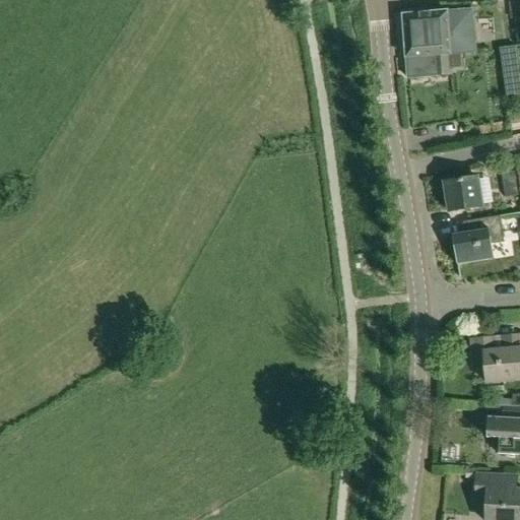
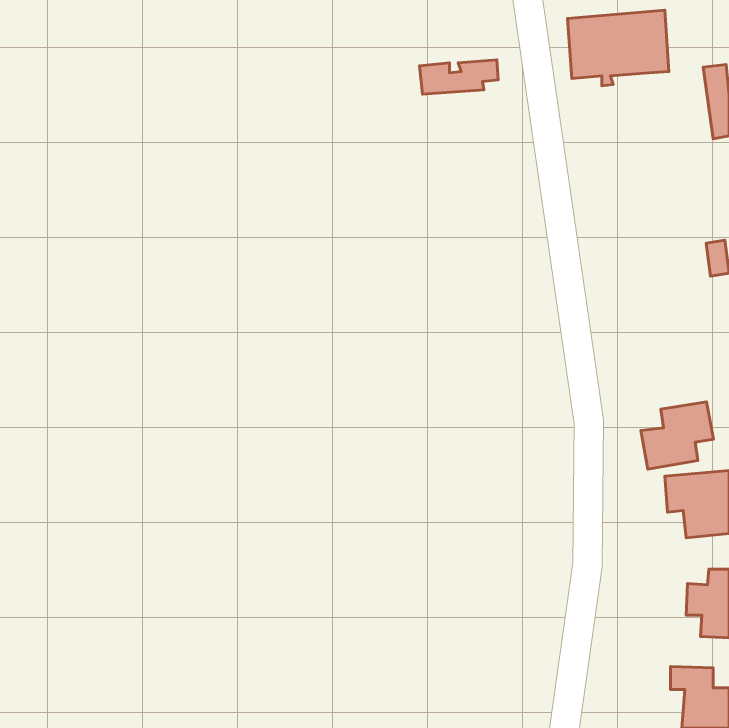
building: [406,52,462,76] -> [420,60,498,94]
building: [445,176,482,210] -> none
building: [453,214,505,262] -> [641,402,714,469]

